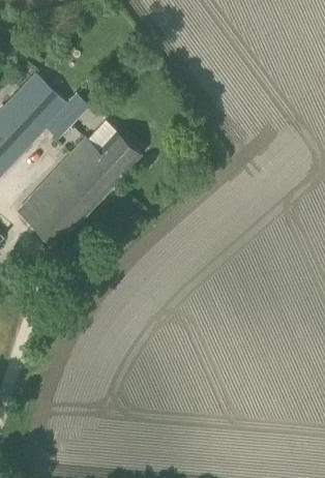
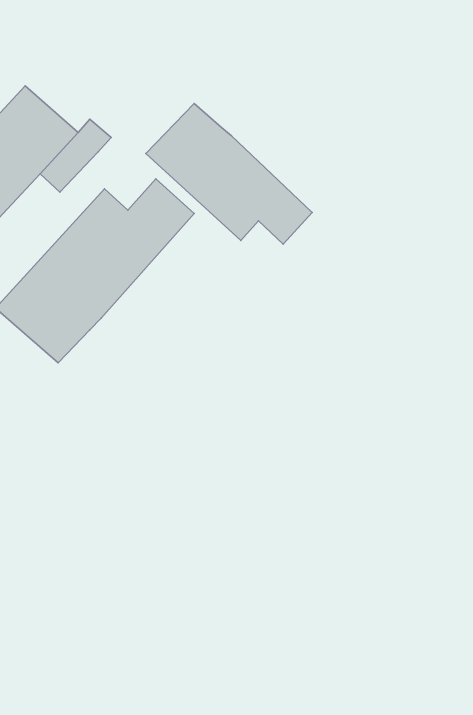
building: none -> [146,103,312,244]

